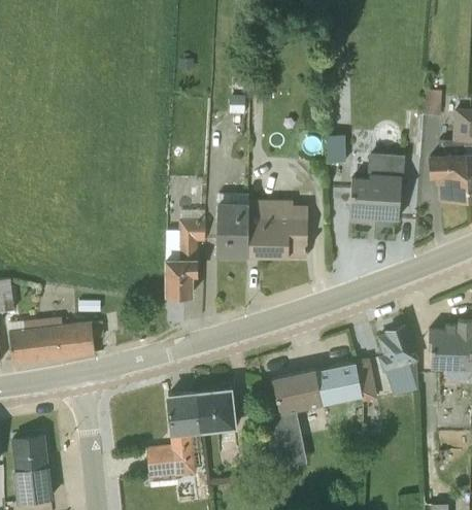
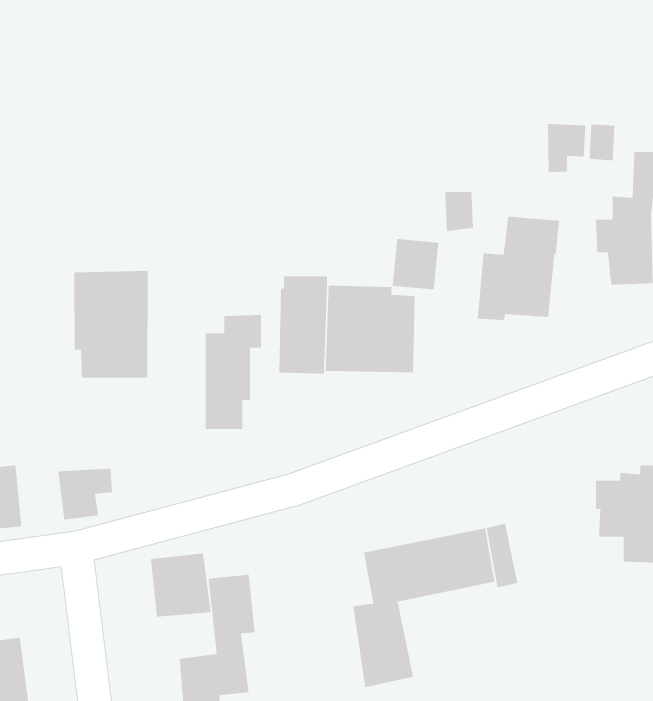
building: none -> [548,123,586,173]
building: none -> [392,238,439,290]
building: none -> [74,270,148,378]
building: [39,318,71,362] -> none
building: [377,327,417,396] -> none
building: [196,389,237,433] -> [150,553,211,617]

